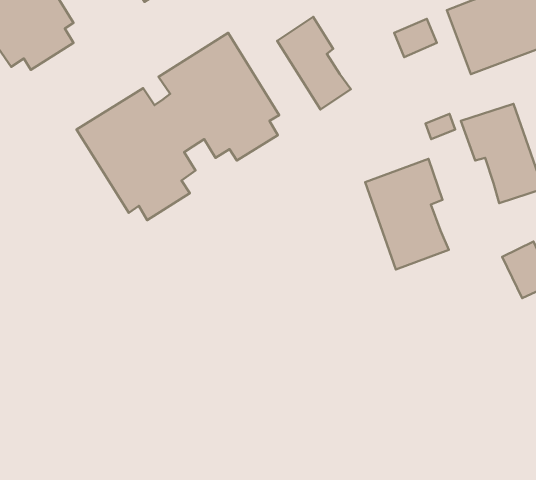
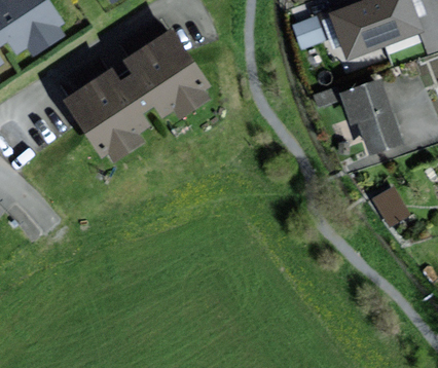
building: [277,17,351,109] -> none
building: [365,159,449,270] -> none

